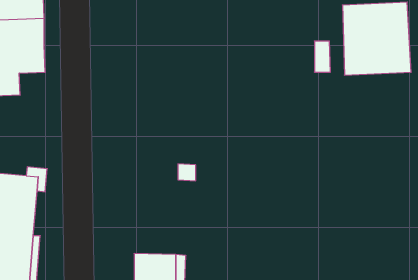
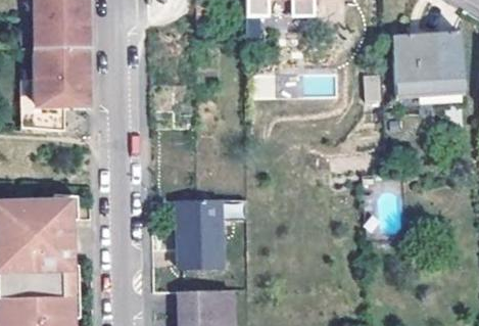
building: none -> [174,200,221,271]

